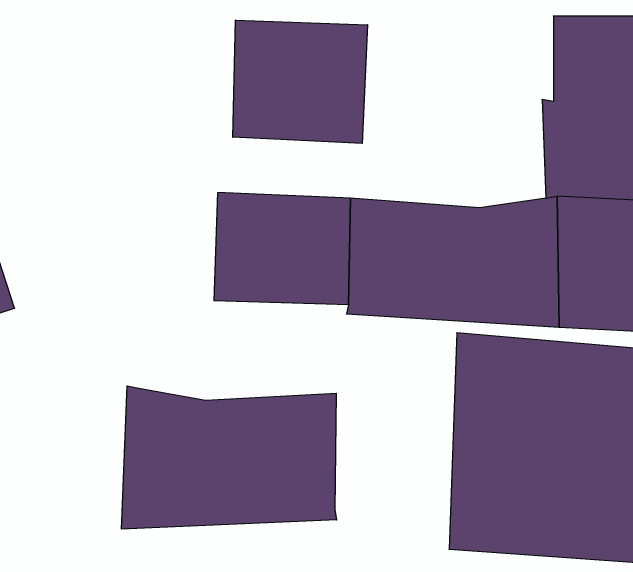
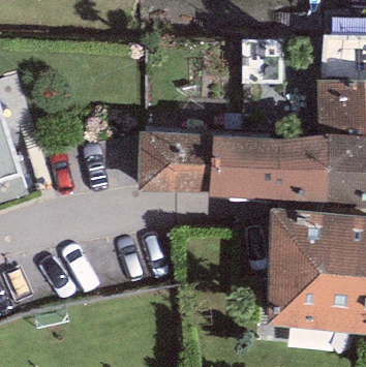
building: [233,20,368,143] -> none
building: [122,386,337,529] -> none

